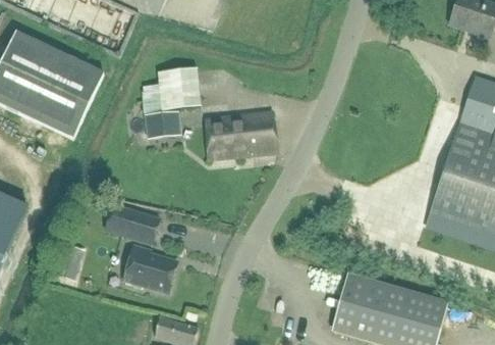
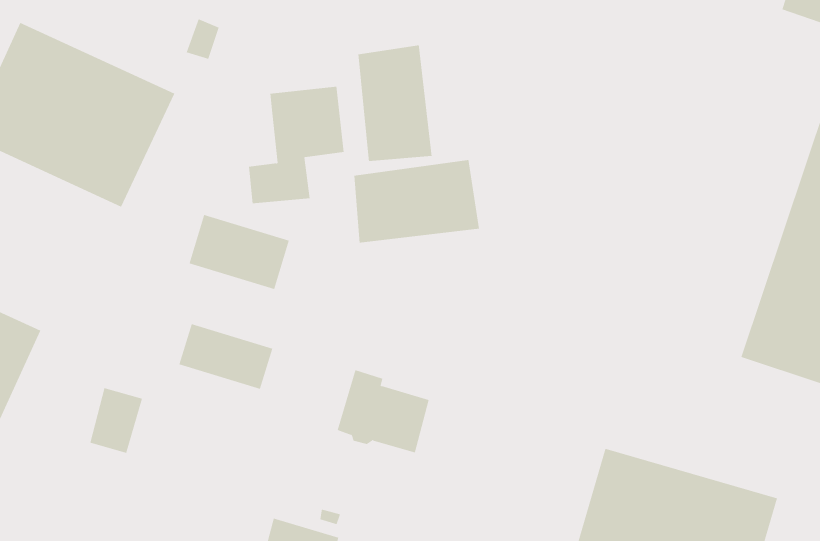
building: none -> [358,44,432,162]
building: none -> [189,214,289,290]
building: [123,244,176,292] -> [337,369,430,453]

